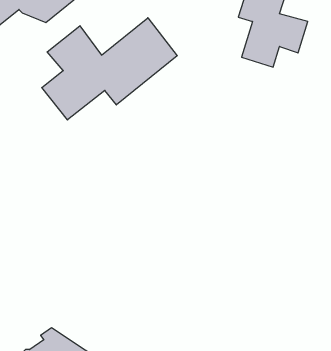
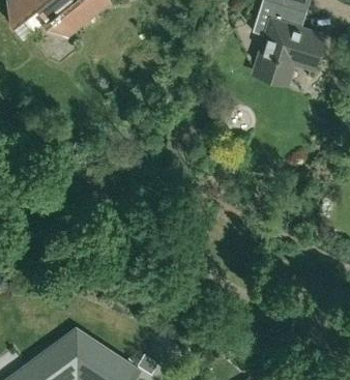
building: [42,18,177,120] -> none

